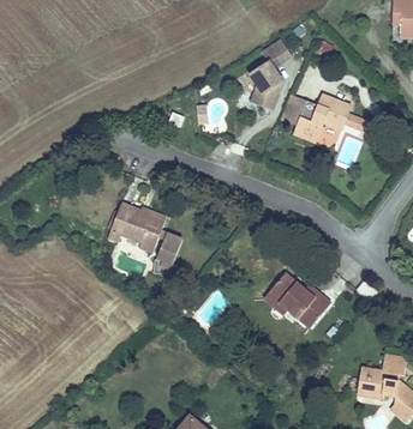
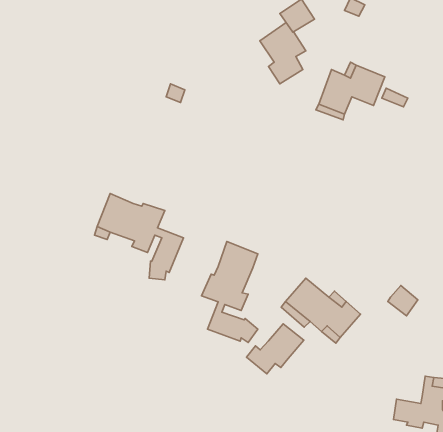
building: none -> [202,242,258,343]
building: none -> [247,324,304,374]

